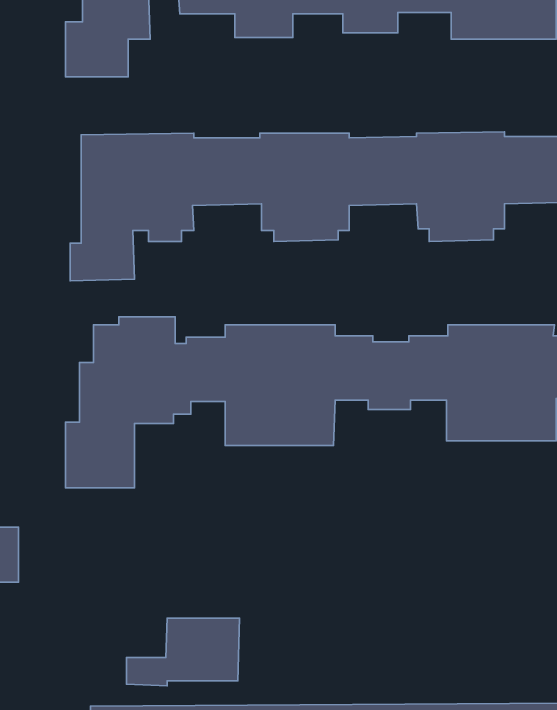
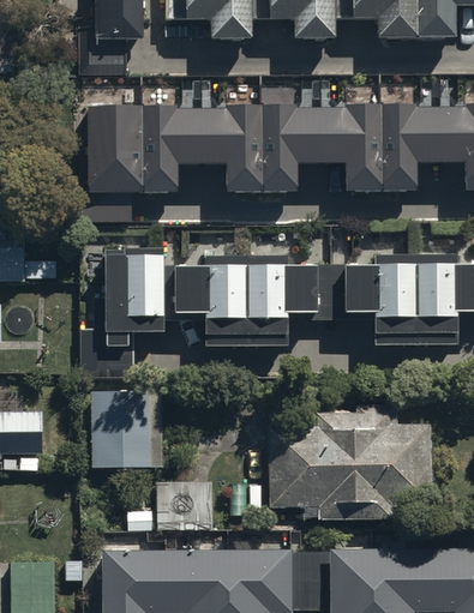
building: none -> [91,389,164,467]
building: none -> [266,404,431,516]

